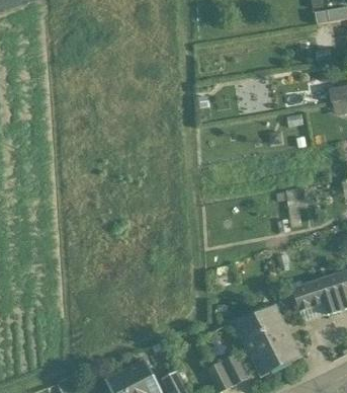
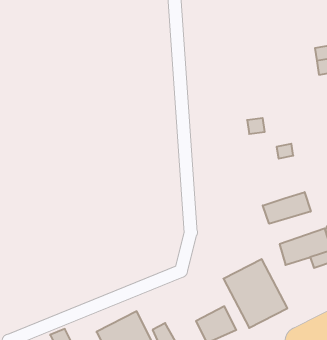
building: none -> [263,192,311,224]

